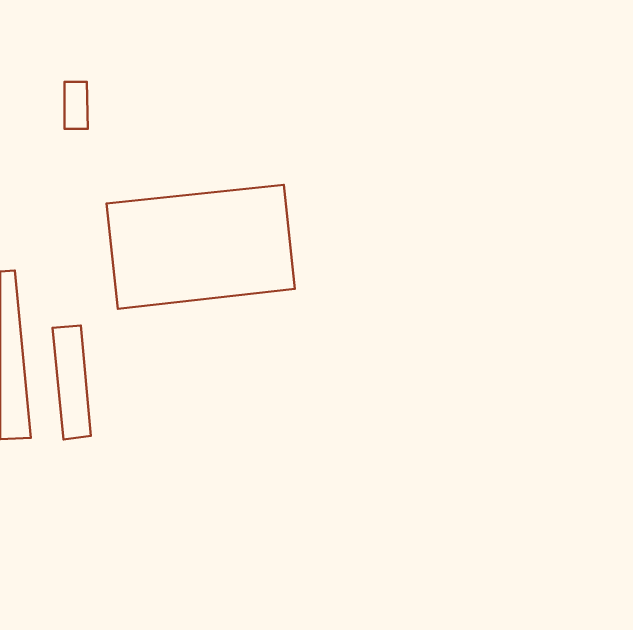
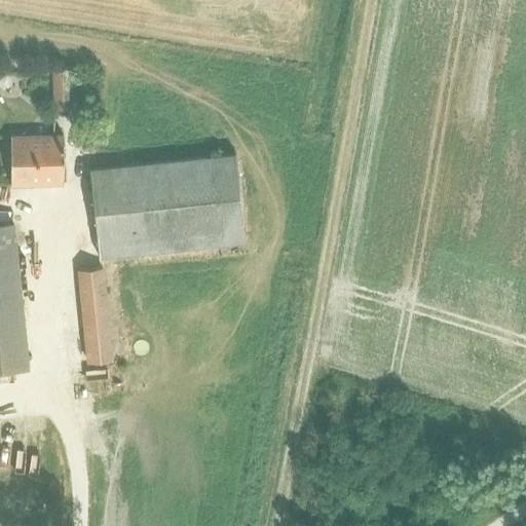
building: none -> [9,137,64,186]
building: [52,325,91,440] -> [78,269,110,364]

